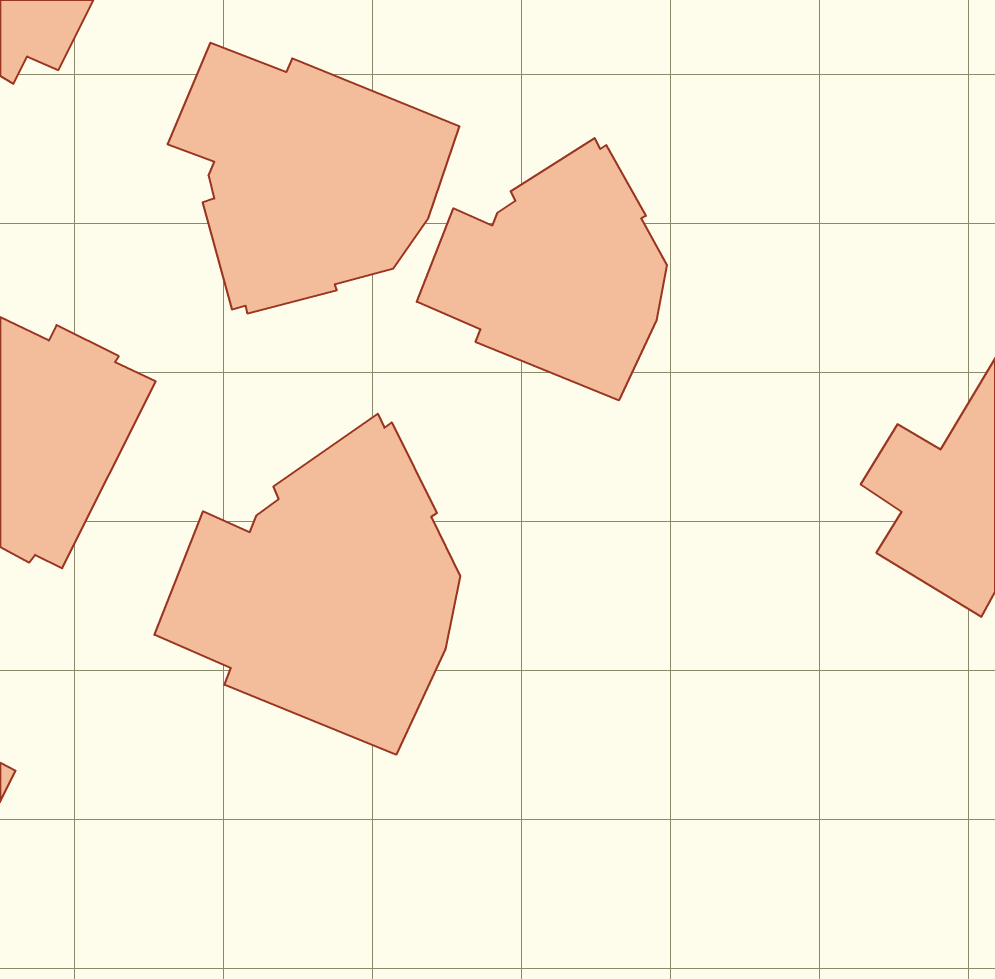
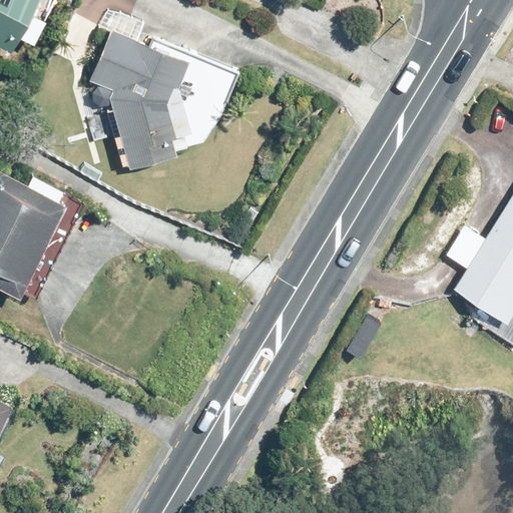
building: [417,138,667,400] -> none
building: [154,414,460,755] -> none

